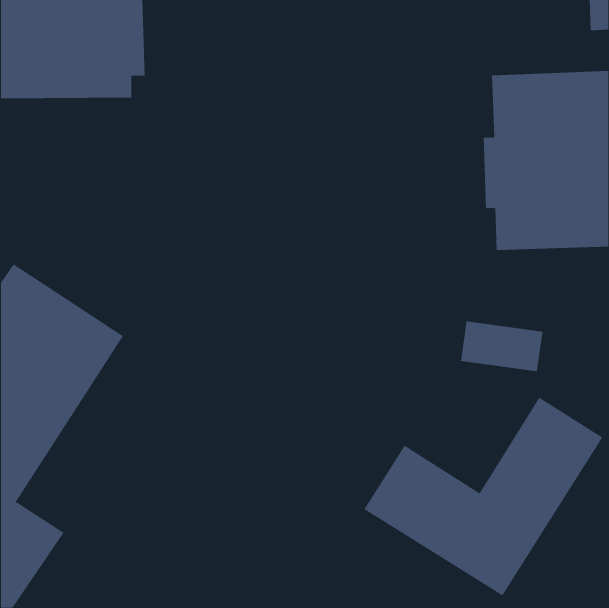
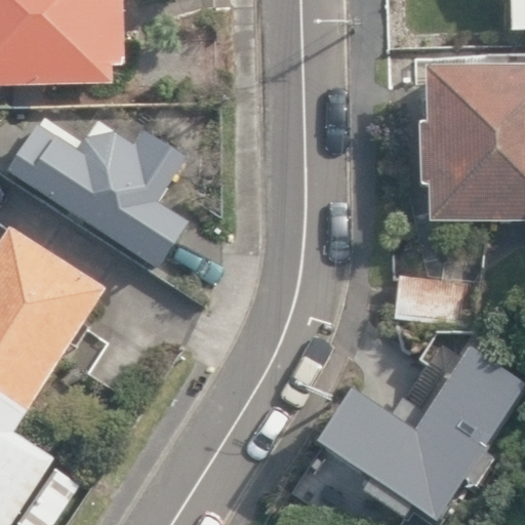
building: none -> [7,124,192,274]

